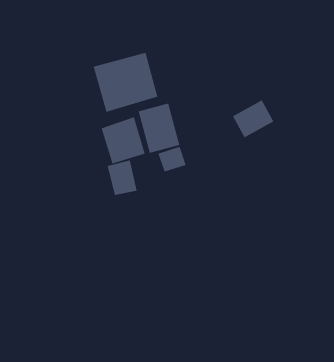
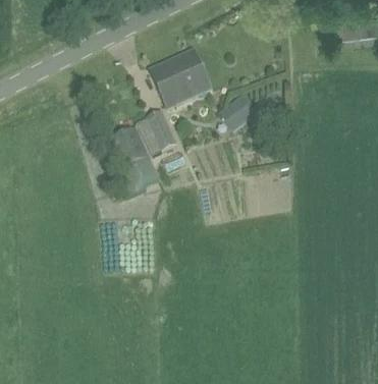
building: [93,52,158,112] -> [151,55,211,112]

